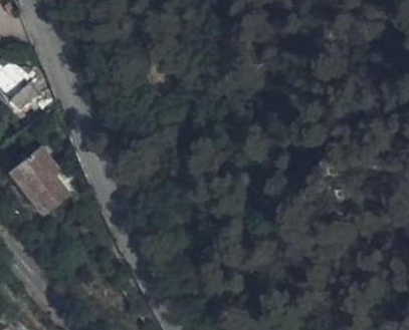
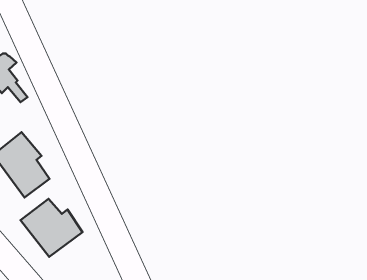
building: none -> [20,199,83,257]

